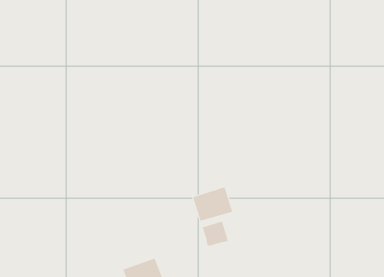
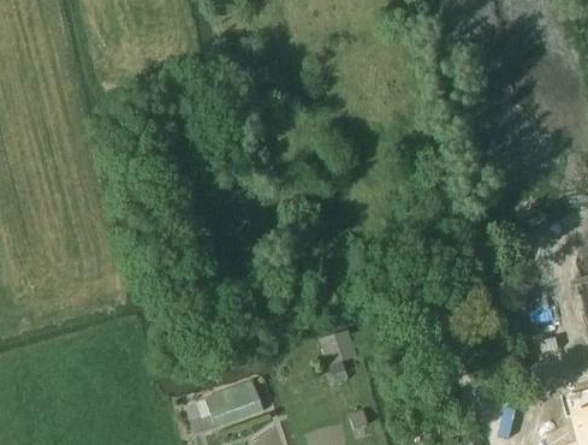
building: [193,187,233,221] -> none

